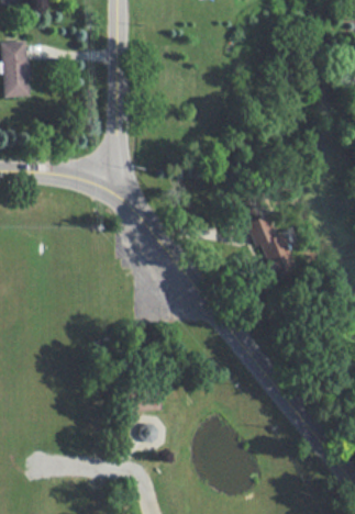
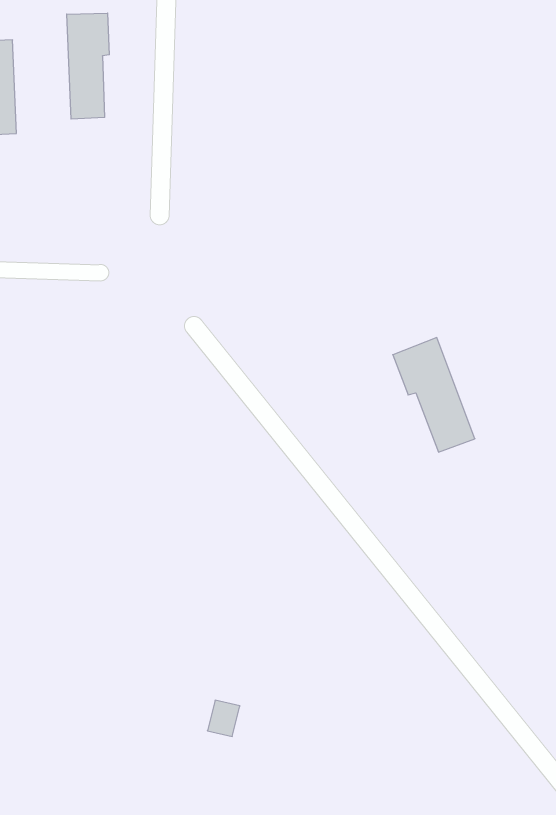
building: none -> [67,13,109,119]

